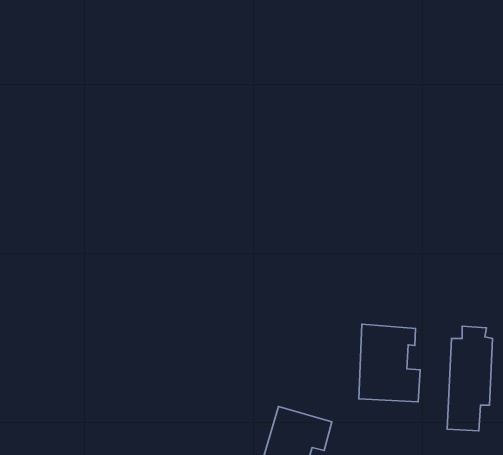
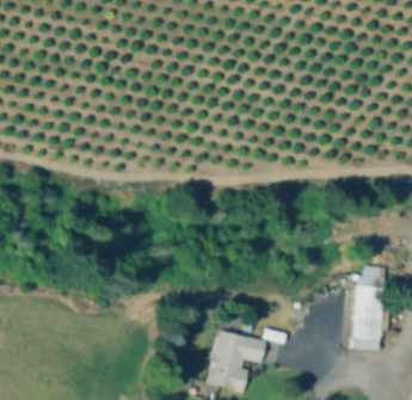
building: [359,324,420,402] -> none

